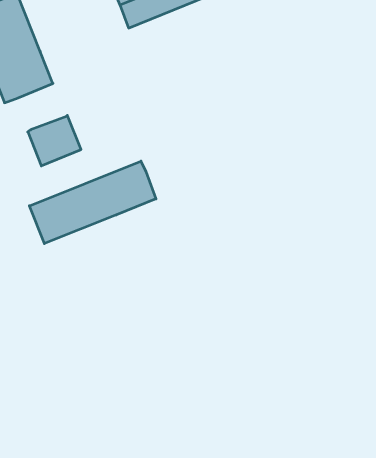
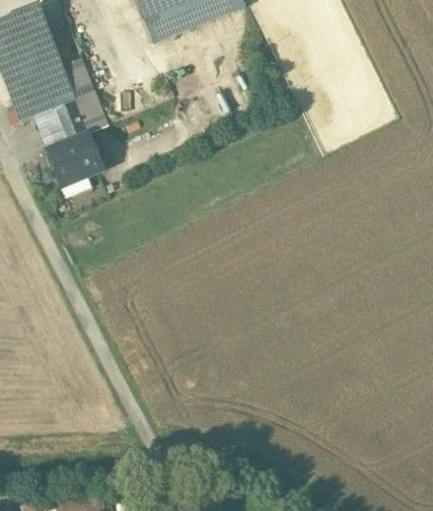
building: none -> [37,56,104,147]
building: [29,161,156,244] -> none

